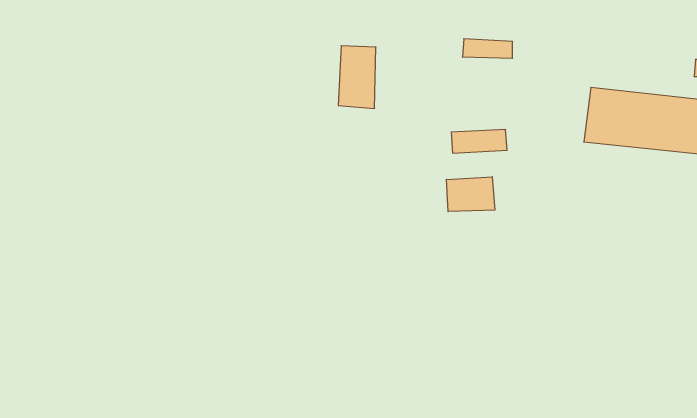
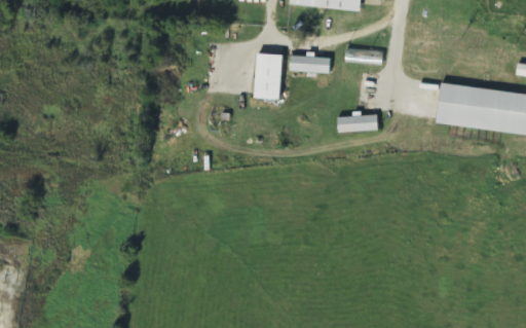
building: none -> [290,53,331,71]
building: [446,177,495,212] -> none

